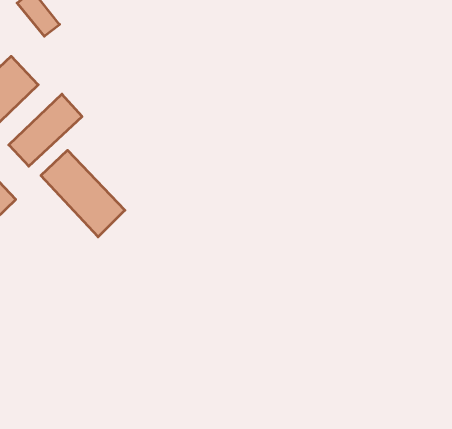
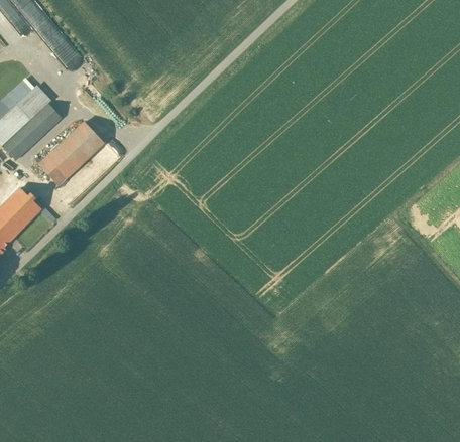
building: [41,150,125,237] -> none

